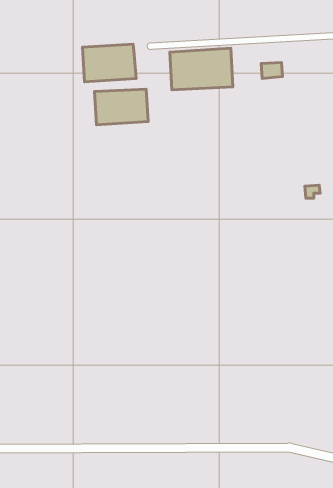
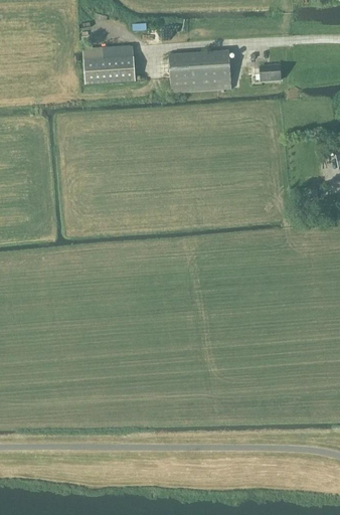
building: [95,89,148,125] -> none

